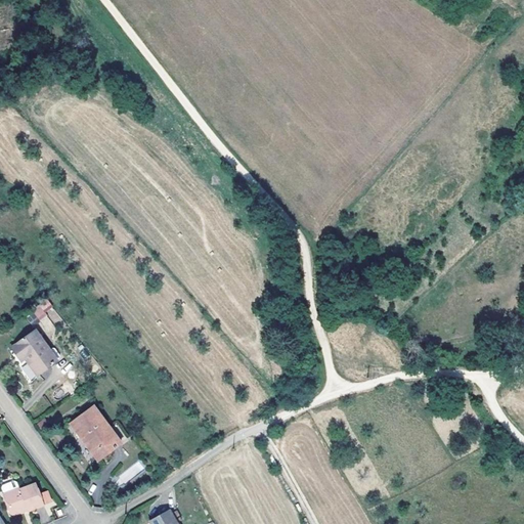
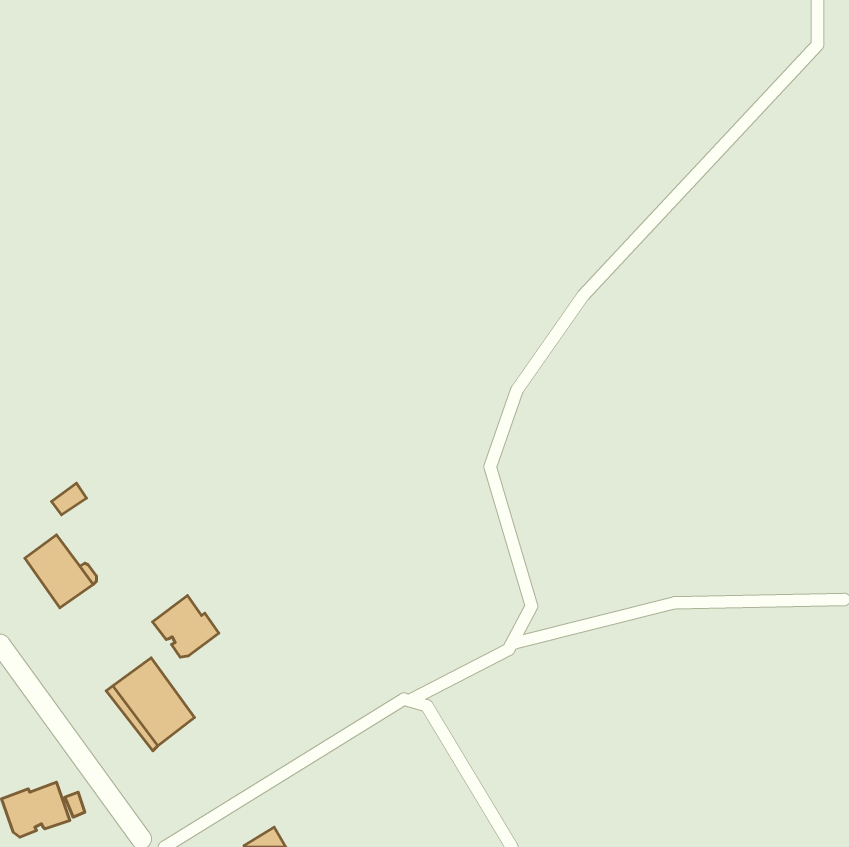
building: none -> [153,596,219,657]

